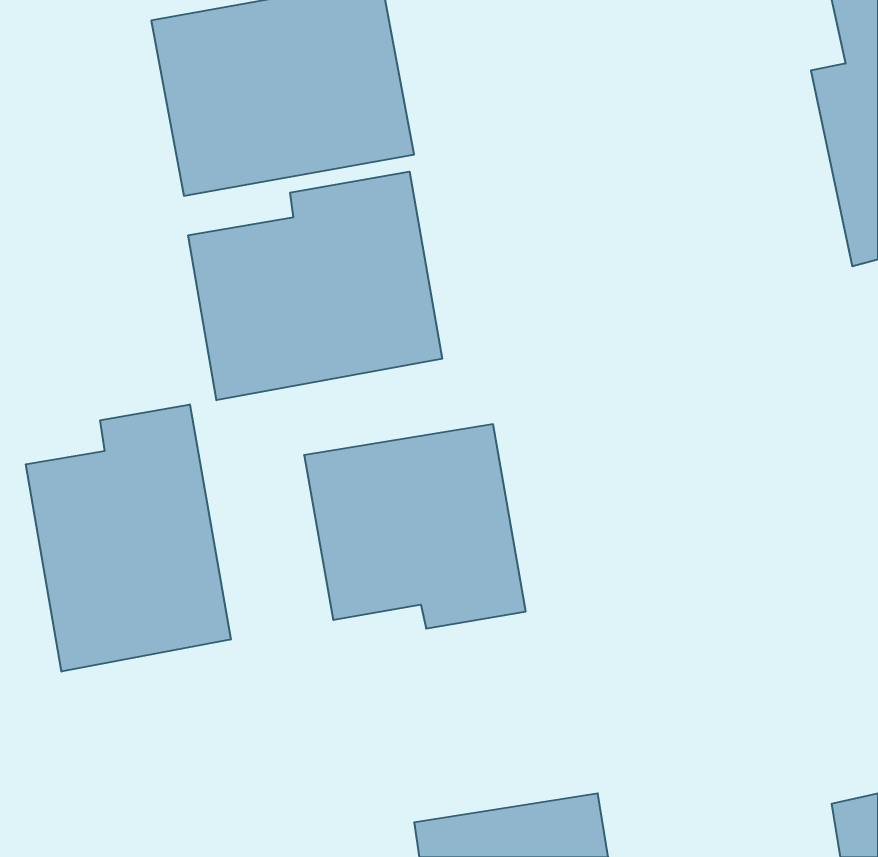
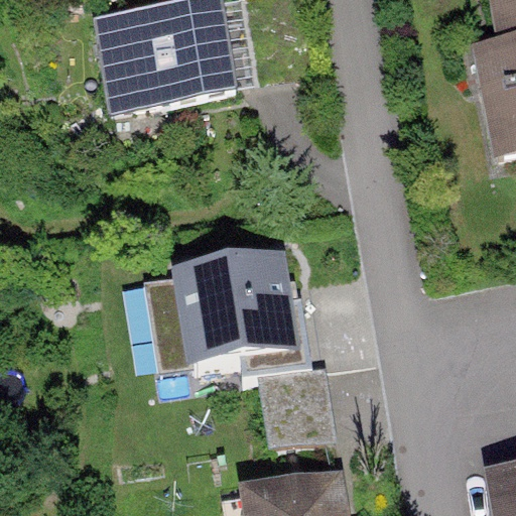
building: [188,172,442,400] -> none
building: [26,404,231,672] -> none

